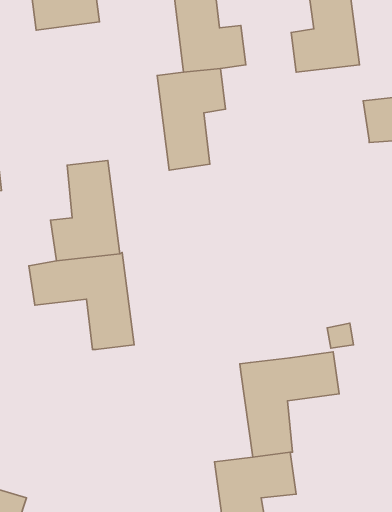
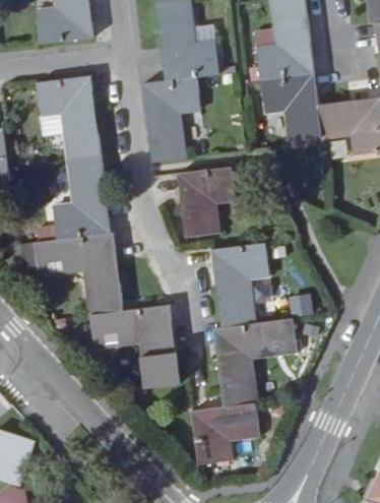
building: none -> [36,72,101,160]
building: none -> [260,74,322,142]
building: none -> [177,168,235,237]
building: none -> [212,243,268,327]
building: none -> [90,306,179,389]

